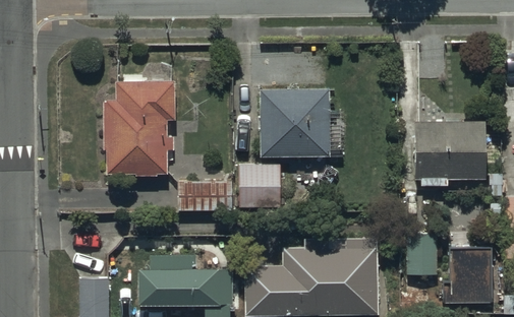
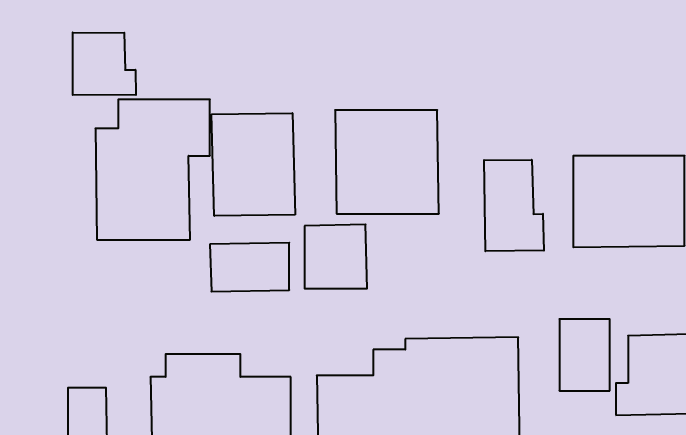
building: none -> [73,32,136,95]
building: none -> [212,113,295,216]
building: none -> [484,160,544,251]

